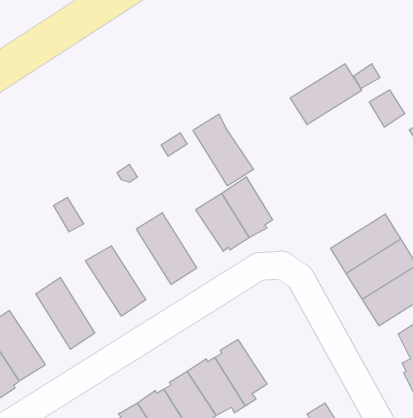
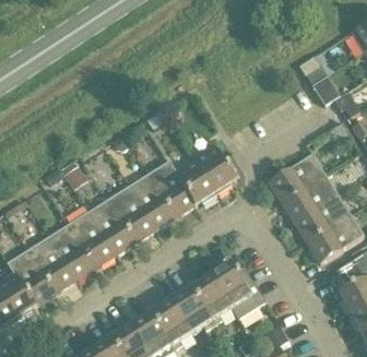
building: [290,64,362,125] -> [270,154,327,202]
building: [193,114,253,186] -> [150,160,198,217]
building: none -> [109,187,156,242]
building: none -> [69,212,117,269]
building: none -> [28,238,76,294]
building: none -> [210,262,267,320]

